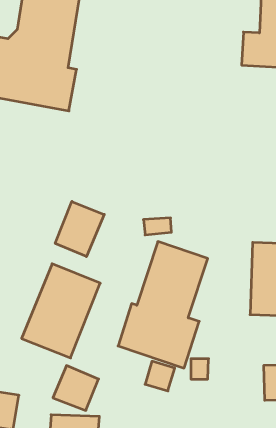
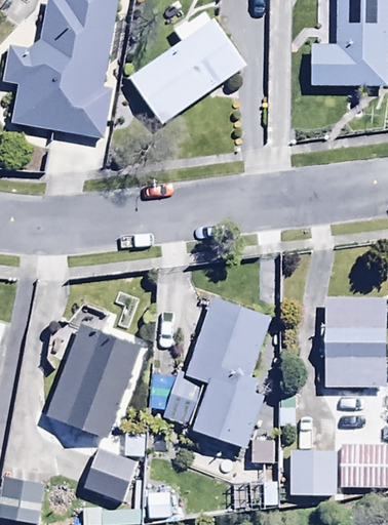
building: none -> [130,11,246,124]
building: [55,201,104,257] -> none
building: none -> [289,452,335,495]

